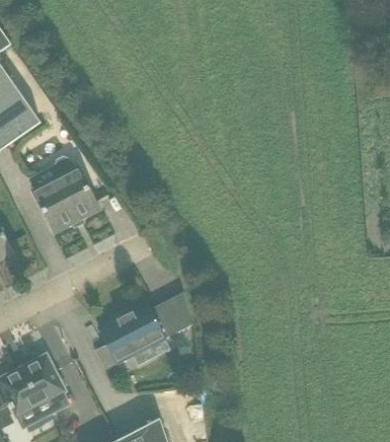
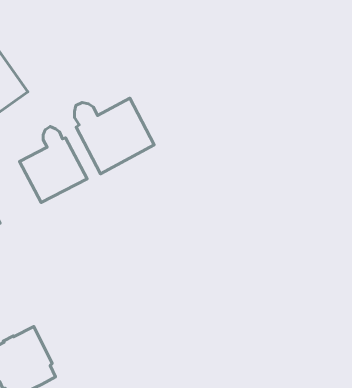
building: none -> [74,98,154,174]
building: [97,291,191,363] -> none

